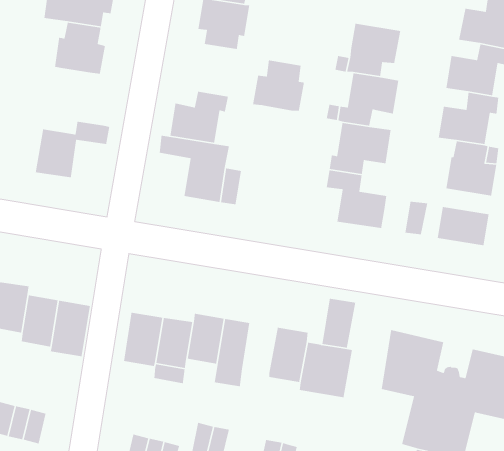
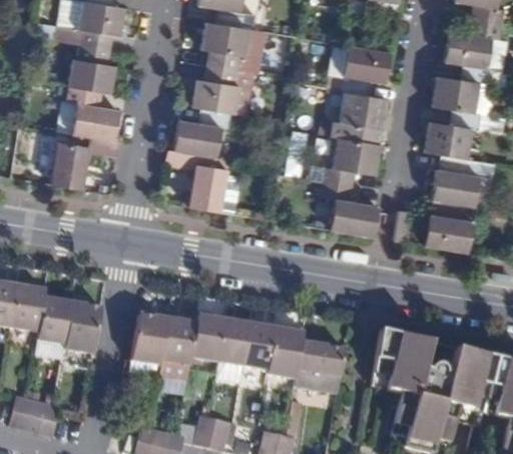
building: [252,60,305,111] -> [192,64,241,112]
building: none -> [70,86,120,139]
building: [322,298,356,349] -> [243,323,276,370]

